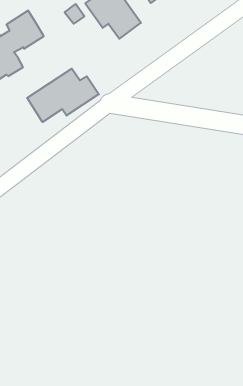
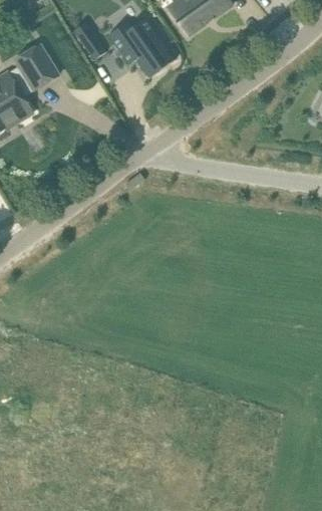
building: [27,69,99,122] -> none

